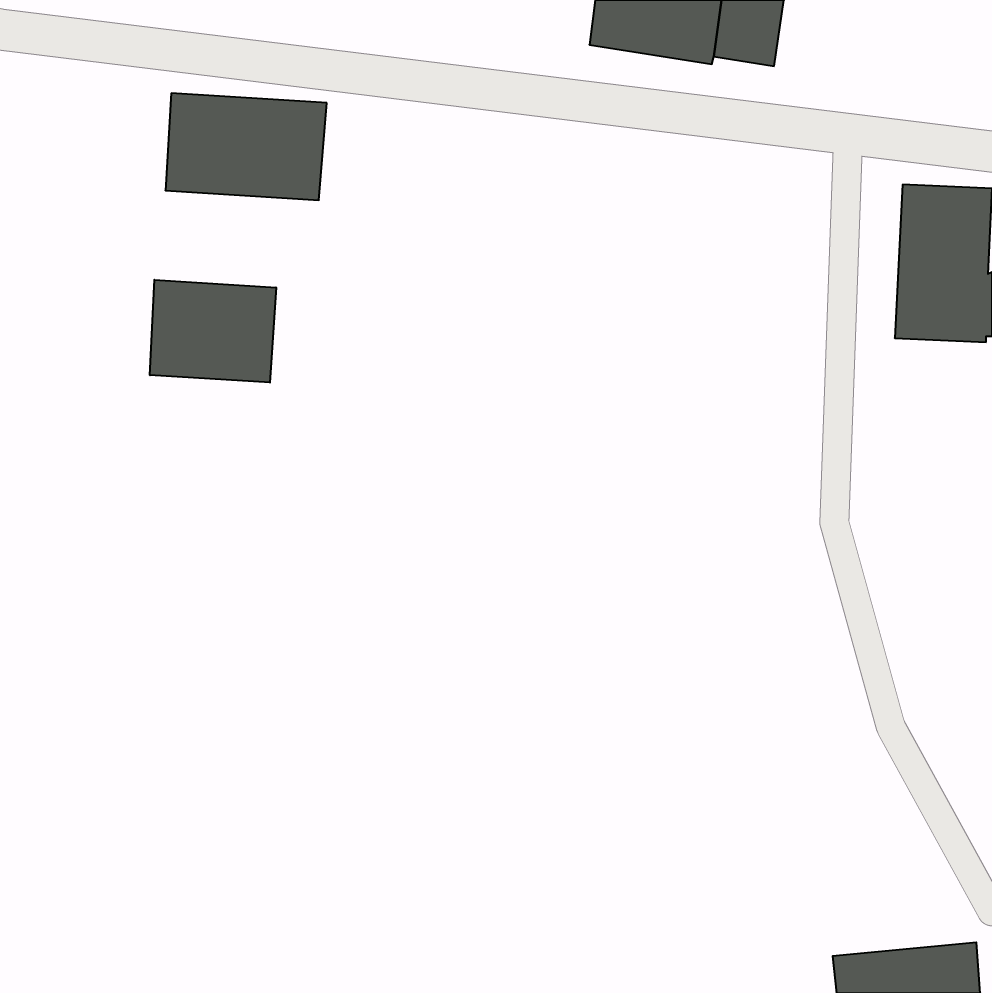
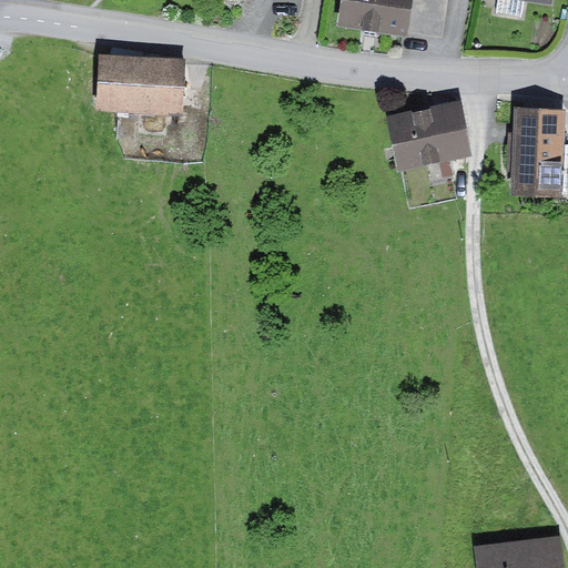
building: none -> [386,100,471,171]
building: [150,280,276,383] -> none

